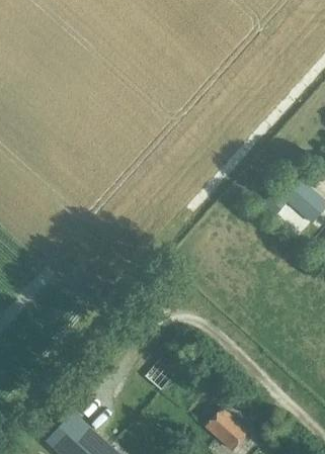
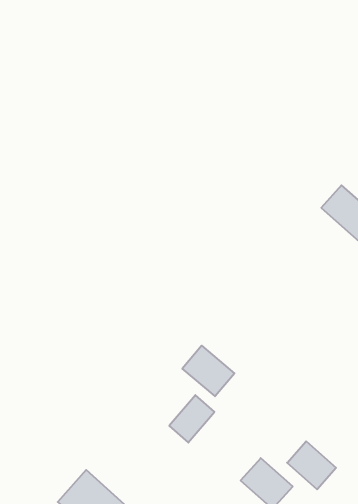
building: none -> [182,346,234,396]
building: none -> [287,441,336,489]

